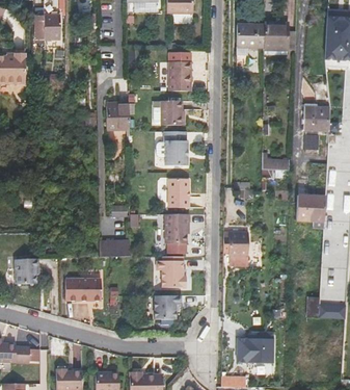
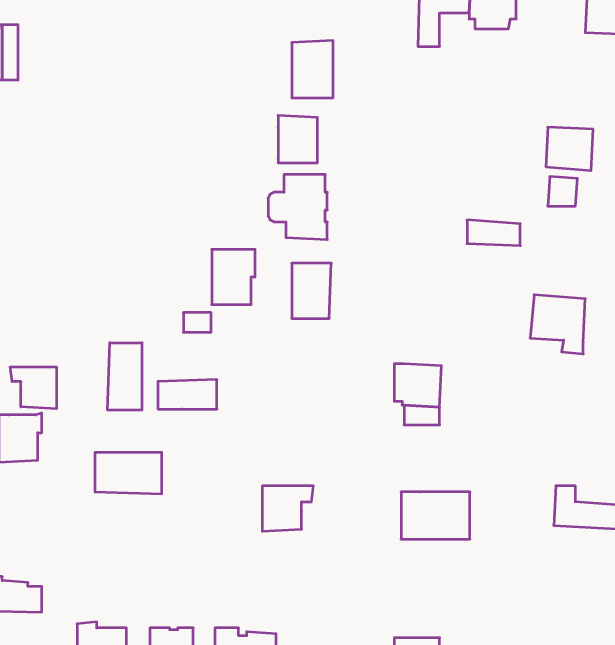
building: [106,106,128,128] -> none
building: [166,214,189,243] -> [212,249,255,305]
building: none -> [108,343,142,410]
building: none -> [10,367,56,409]
building: [156,256,185,287] -> none
building: [238,338,274,363] -> [401,492,470,539]

